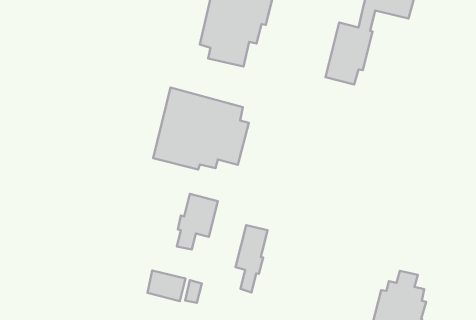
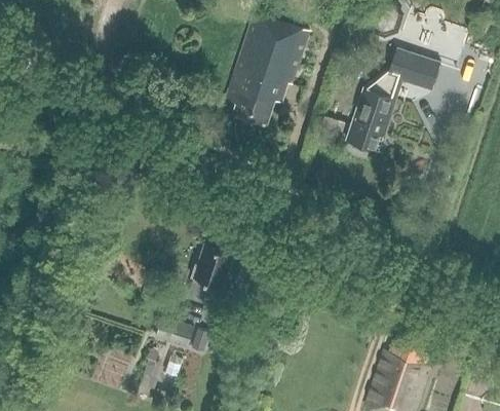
building: [153,87,249,169] -> none
building: [236,225,267,292] -> none

